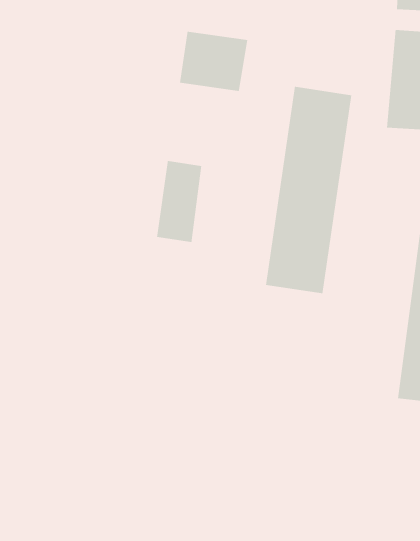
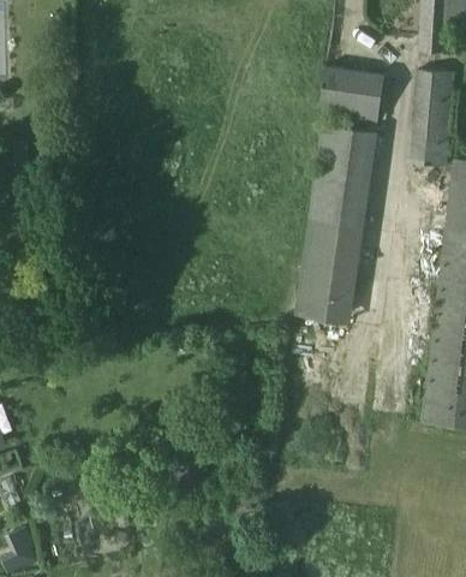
building: [179,31,248,92] -> [318,66,384,124]
building: [156,160,202,243] -> none

